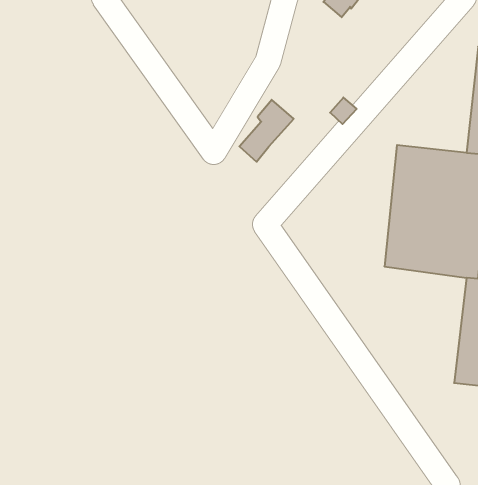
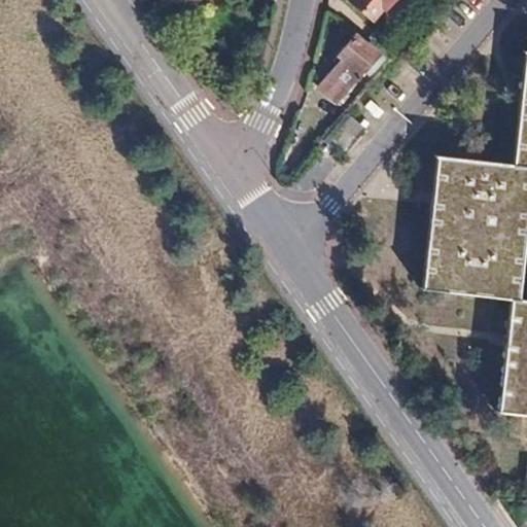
building: [239,100,294,162] -> [327,34,386,101]

